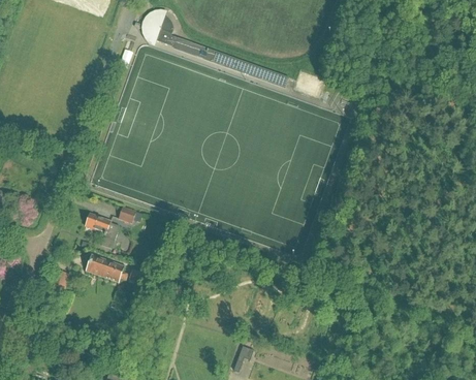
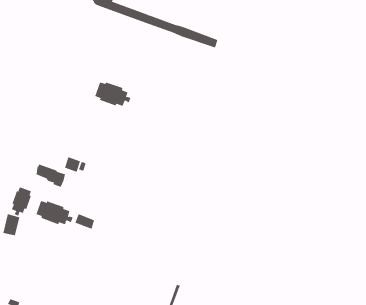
building: none -> [94,80,131,108]
building: none -> [10,186,33,216]

